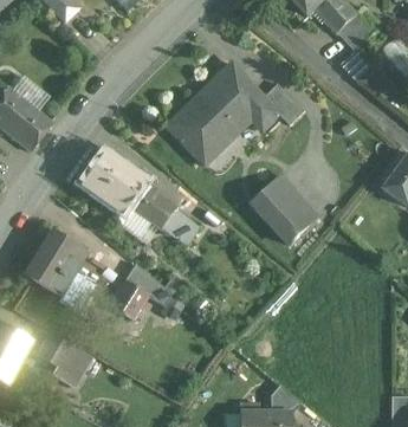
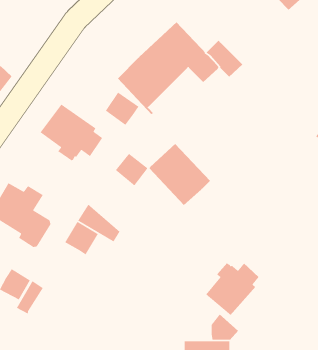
building: [250,175,318,244] -> [148,143,211,206]
building: [137,190,175,228] -> [105,91,139,126]
building: none -> [205,262,260,316]

